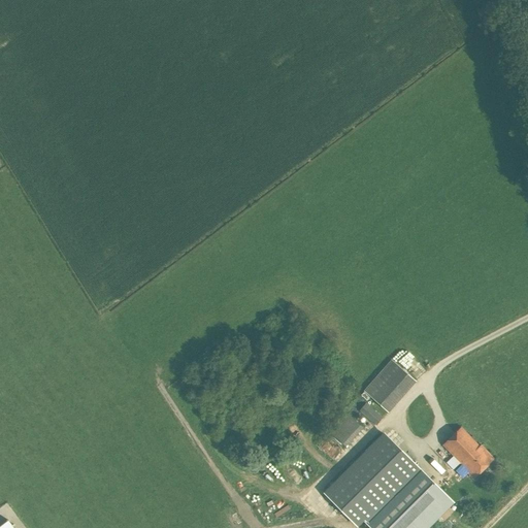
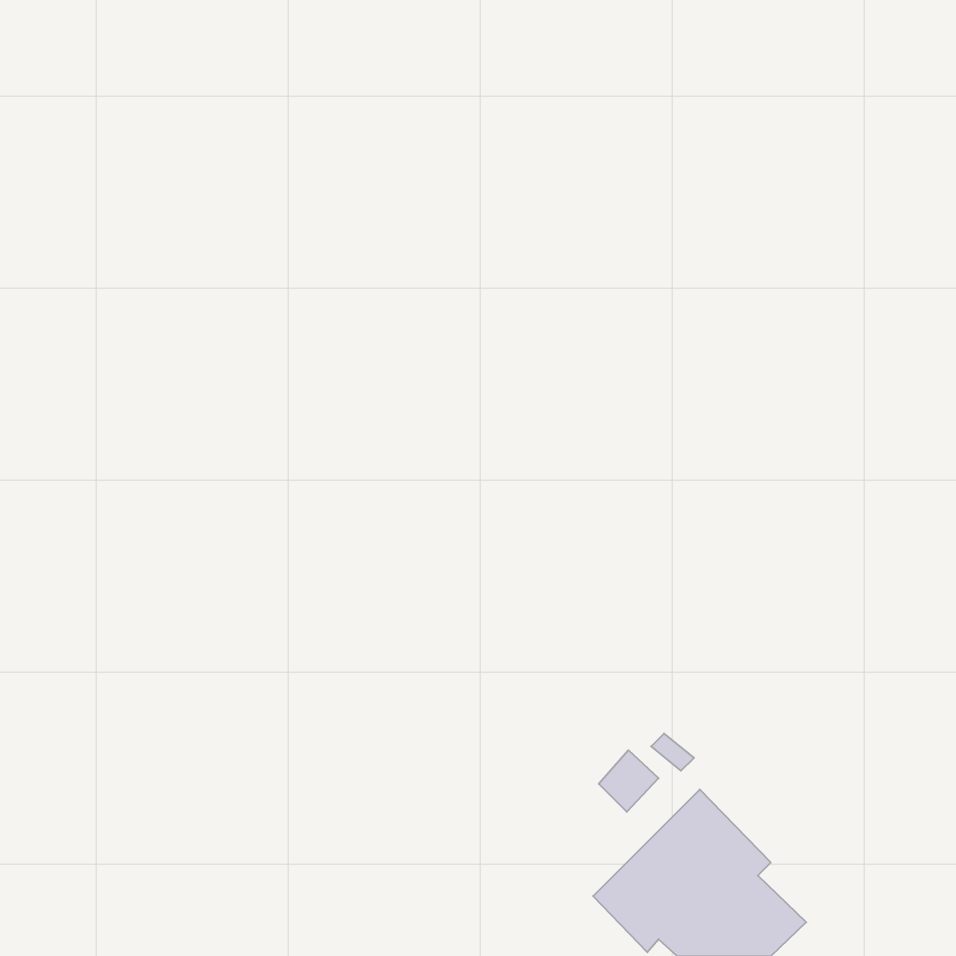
building: [363,360,416,412] -> none
building: [443,428,495,481] -> none

